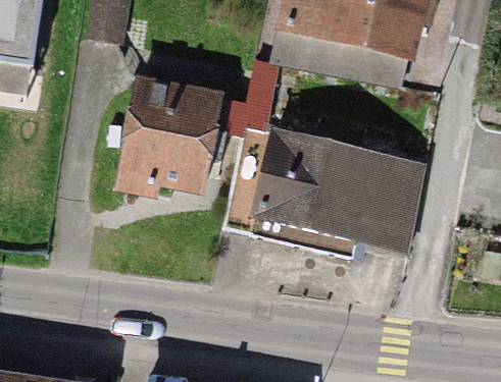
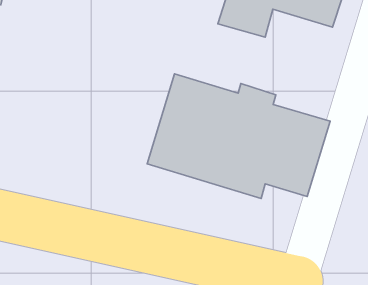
building: [117,80,234,194] -> none

